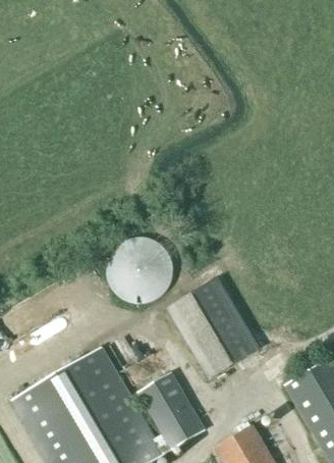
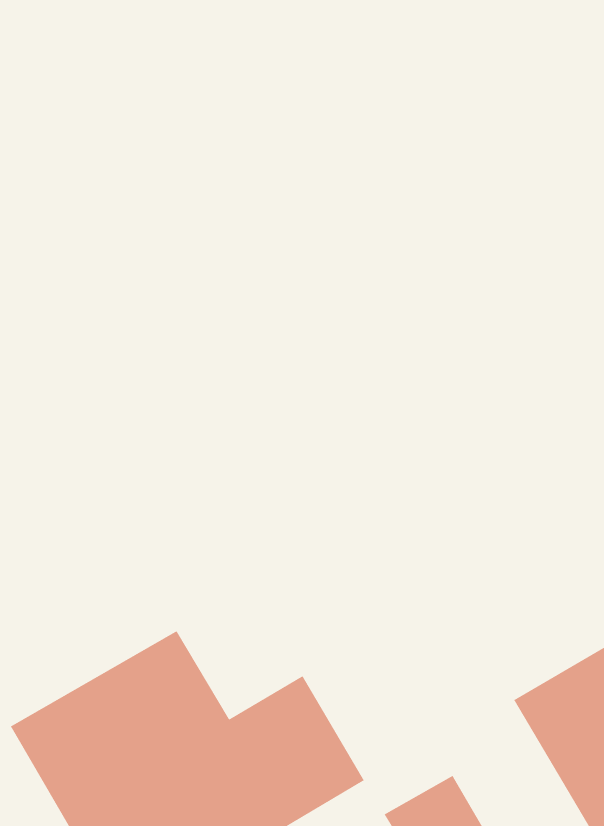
building: [106,238,171,304] -> none
building: [166,278,259,378] -> none

